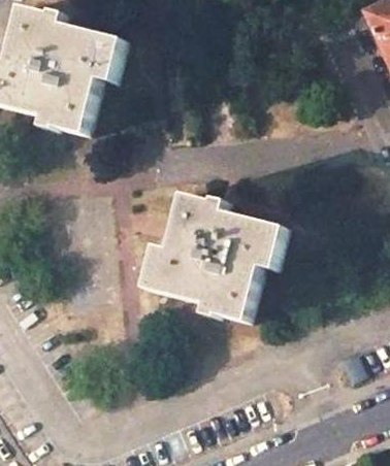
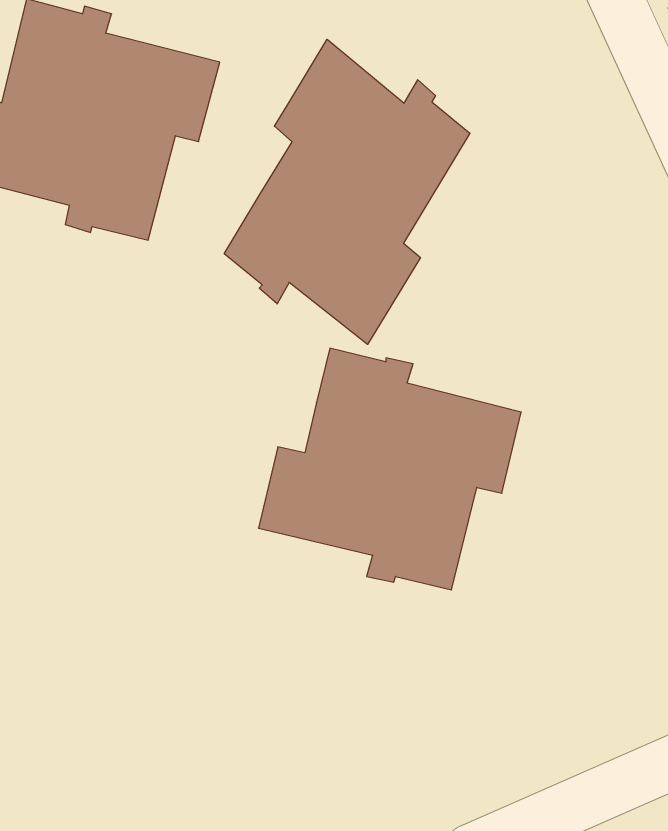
building: none -> [224,39,470,344]

